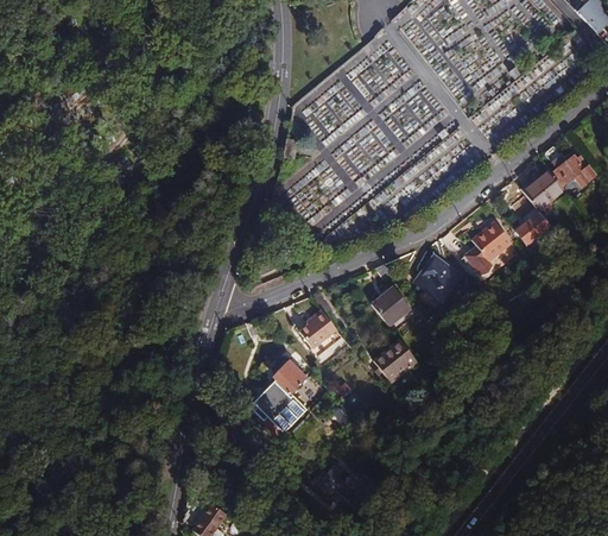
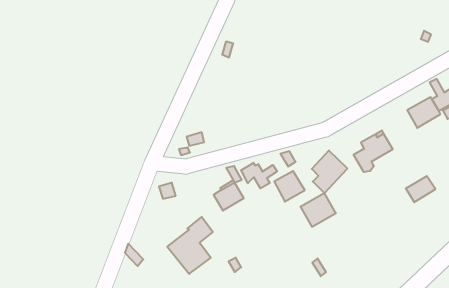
building: [515,210,552,245] -> [406,176,435,202]
building: none -> [241,163,277,188]
building: [372,339,417,383] -> [300,193,336,227]

